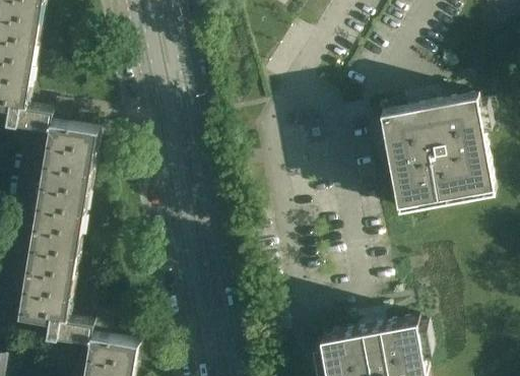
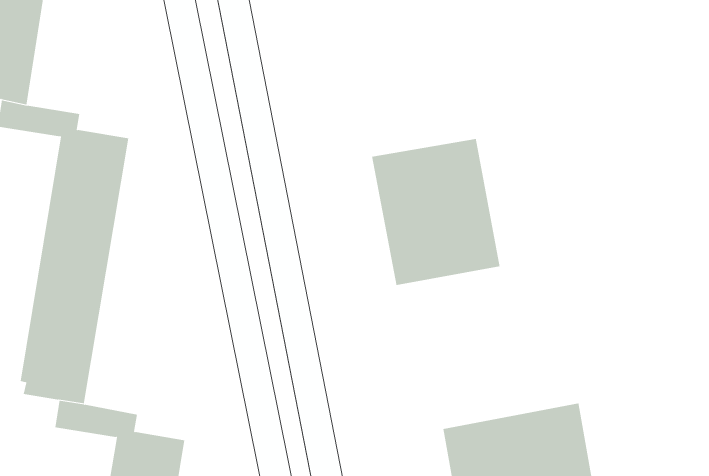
building: [377,99,492,213] -> none
building: none -> [372,138,500,286]

